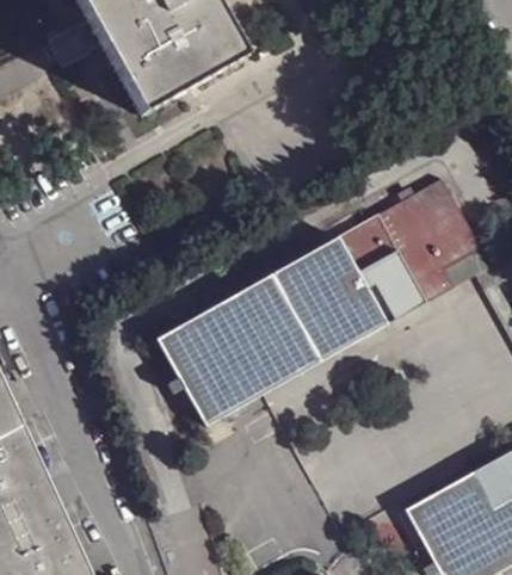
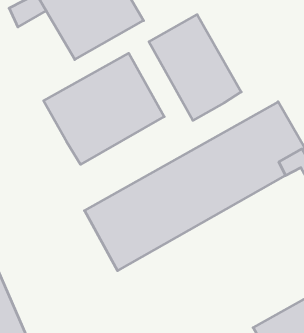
building: none -> [149,15,241,120]
building: none -> [44,53,164,164]

